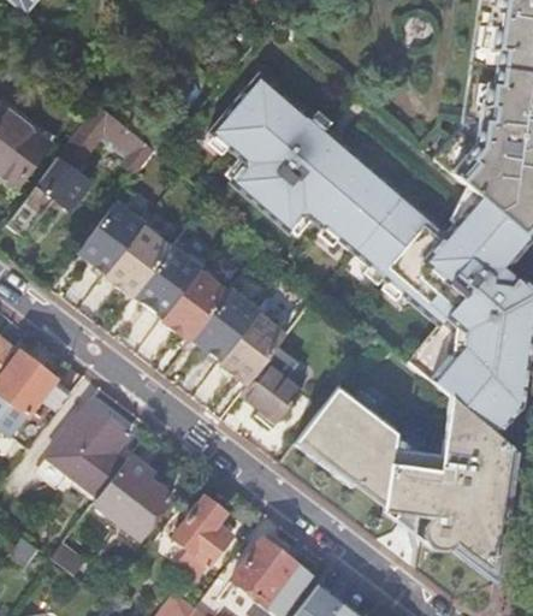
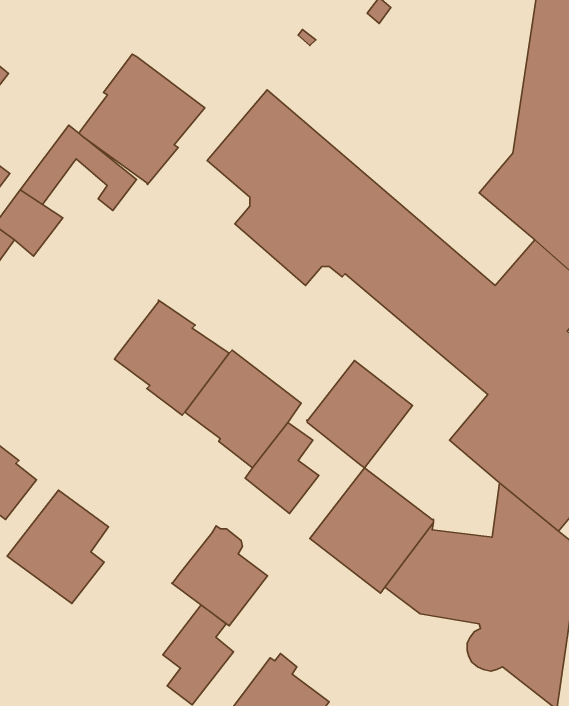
building: none -> [79,54,205,185]
building: [82,203,171,292] -> none
building: none -> [307,361,413,468]
building: [94,456,172,538] -> [172,526,268,626]

